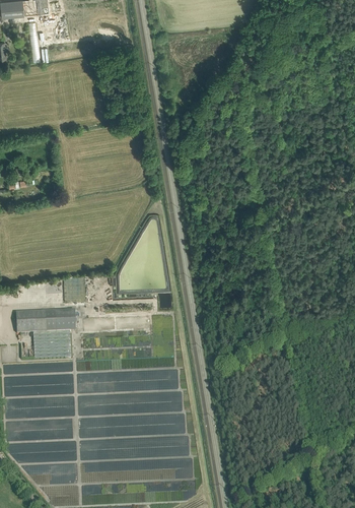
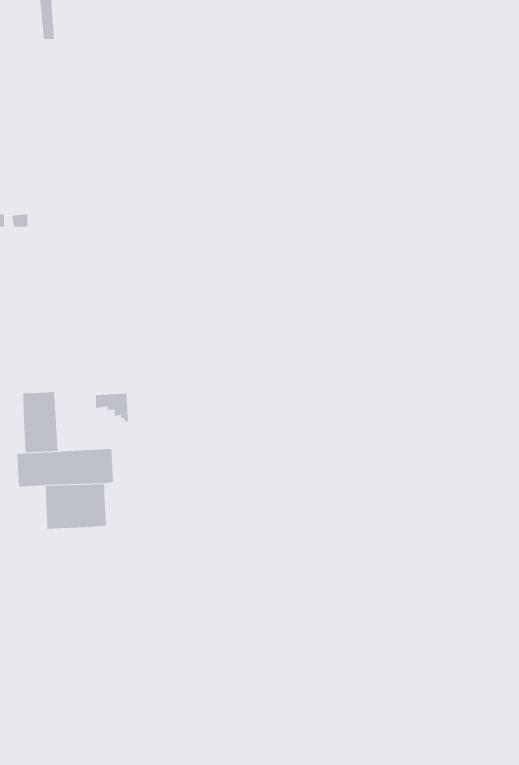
building: none -> [23,391,58,453]

